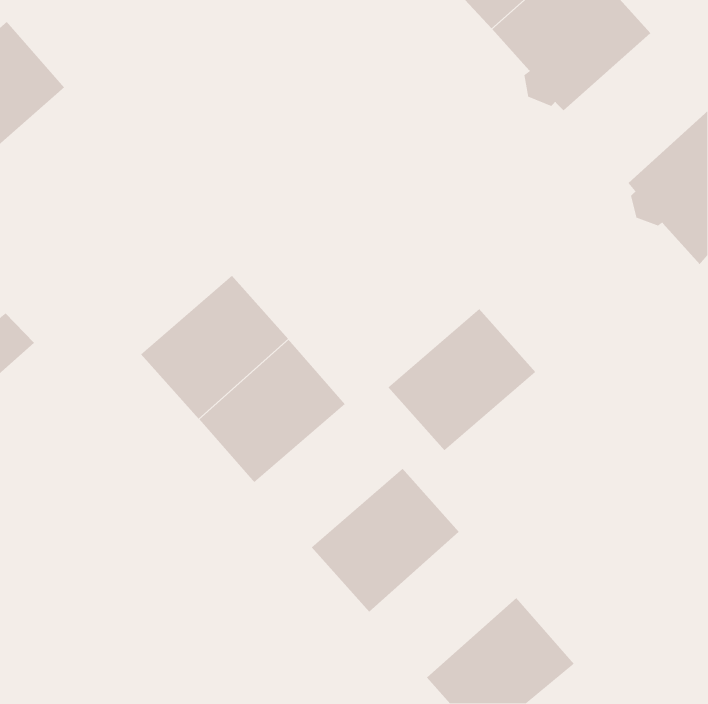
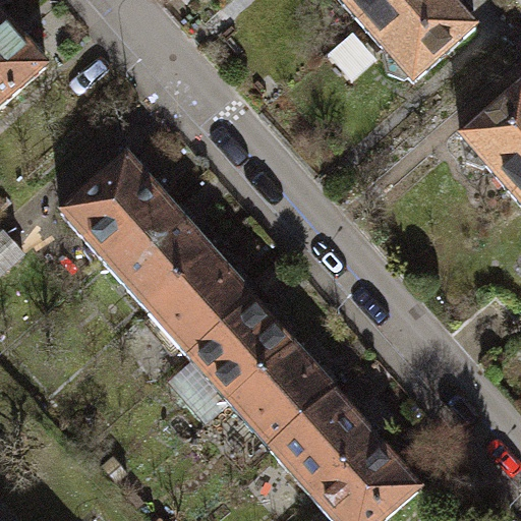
building: none -> [60,153,170,259]
building: [388,308,536,451] -> [186,296,295,401]
building: none -> [271,390,379,497]

